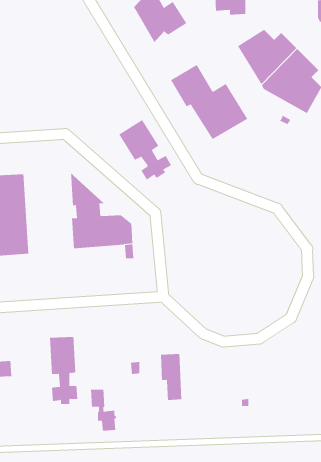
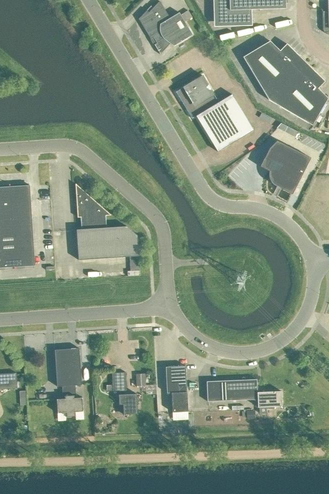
building: [118,119,172,180] -> none
building: none -> [259,140,310,194]
building: none -> [206,379,281,413]
building: [90,389,117,431] -> [111,372,138,414]

